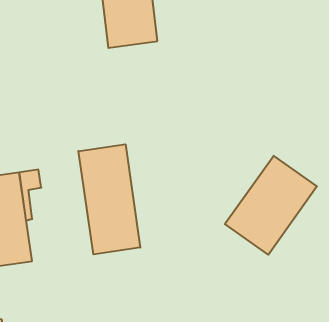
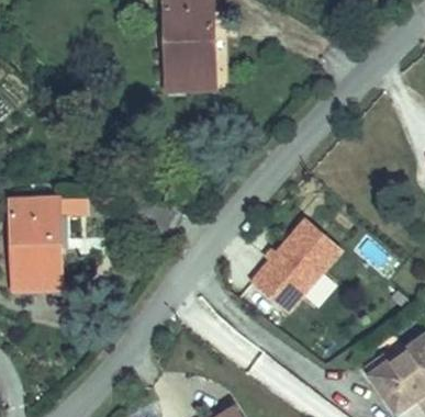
building: [78,144,140,254] -> none

